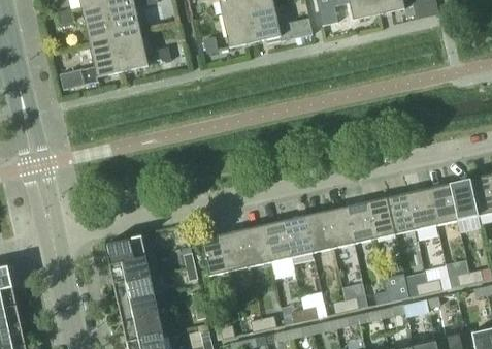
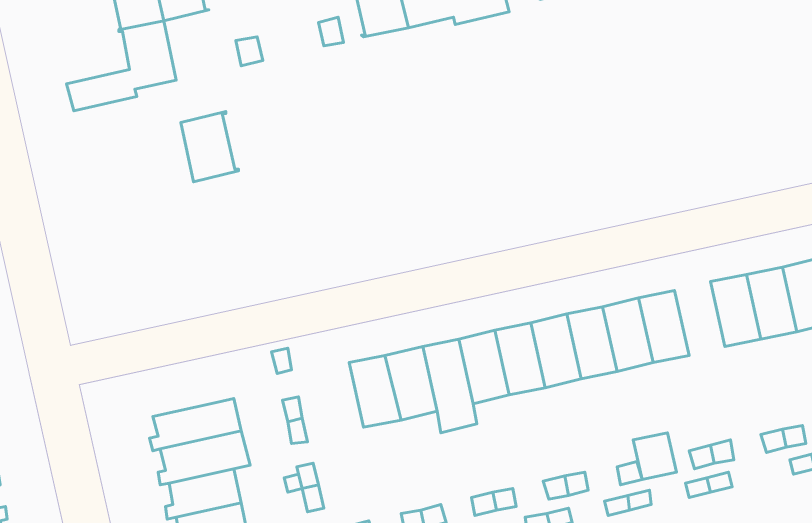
building: [114,31,147,71] -> [181,112,238,182]
building: [407,187,436,229] -> none
building: [200,233,229,276] -> none
building: [102,235,145,265] -> none

